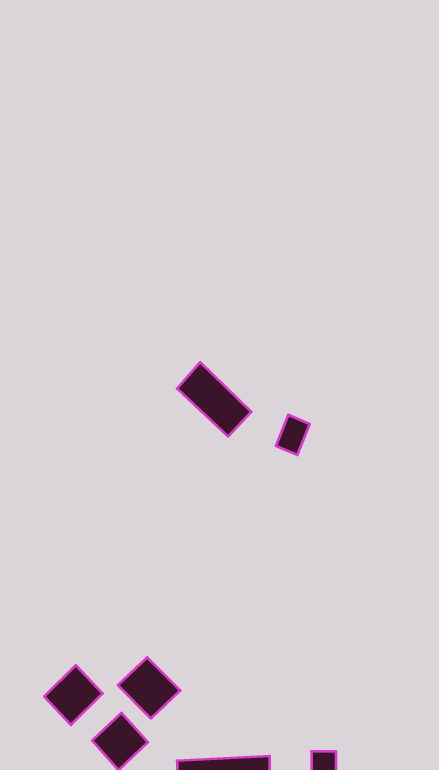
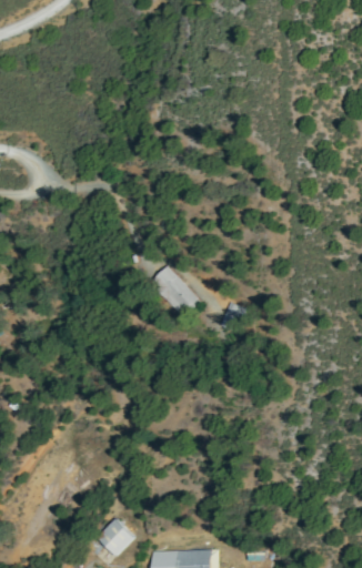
building: [118,657,180,718] -> none
building: [44,665,103,725] -> none

